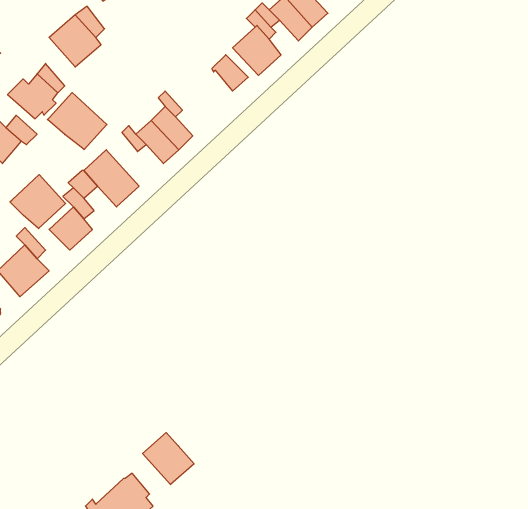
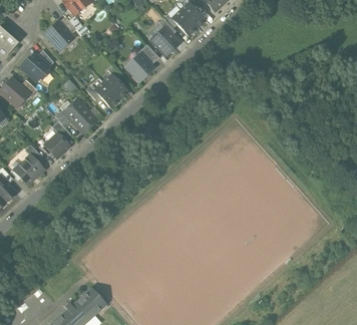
building: none -> [125,53,153,81]
building: [47,93,107,150] -> none
building: [10,175,66,229] -> none
building: [143,433,194,485] -> none

